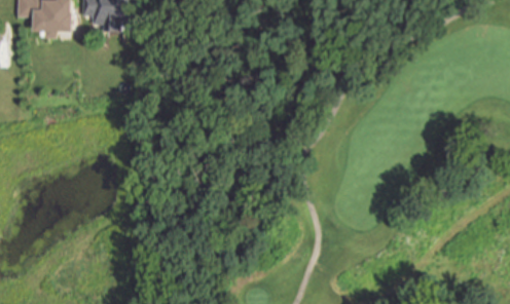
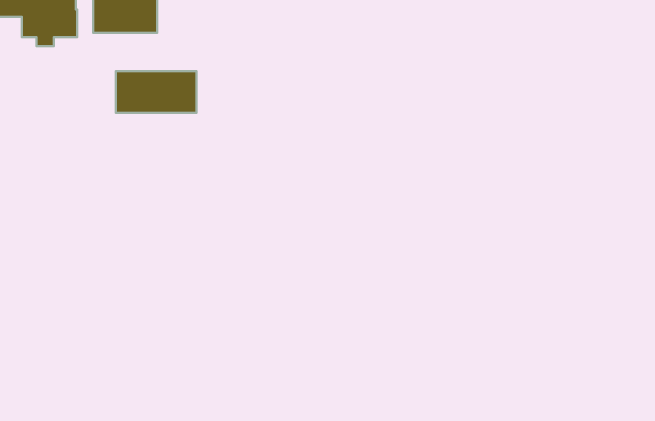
building: none -> [116,71,197,113]

